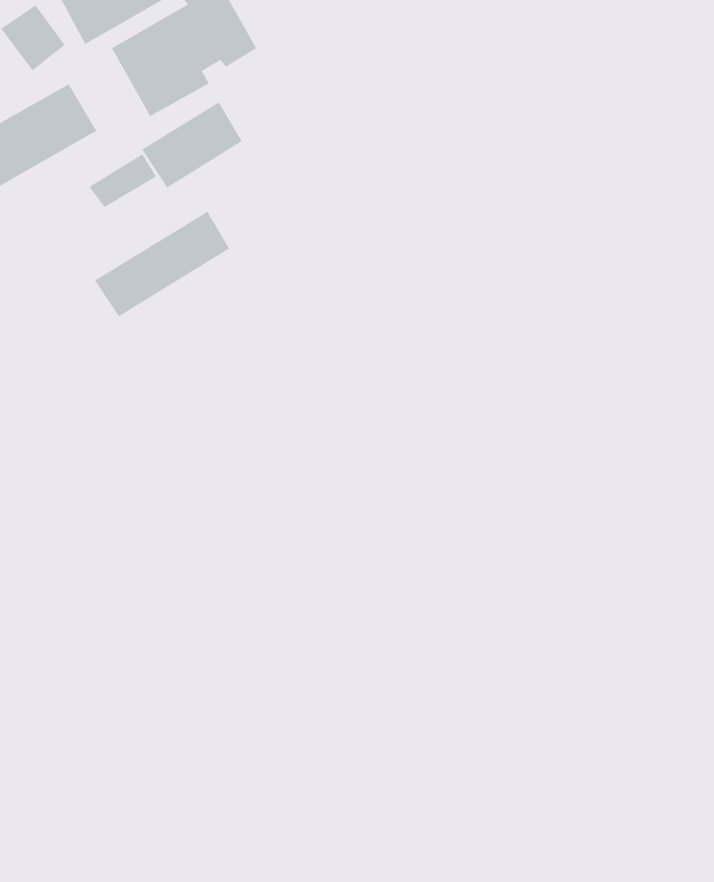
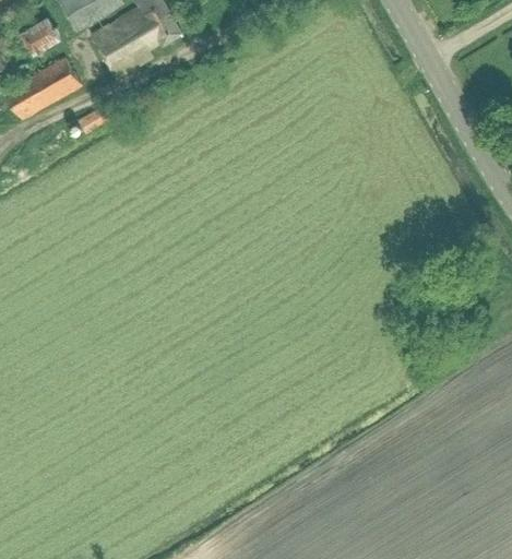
building: [141,102,242,188] -> none
building: [94,211,230,317] -> none

